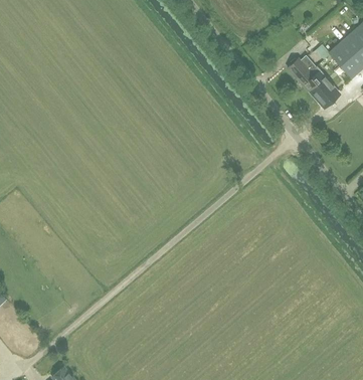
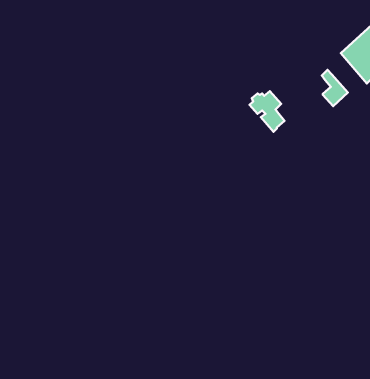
building: [289,56,320,92] -> [250,91,285,132]

